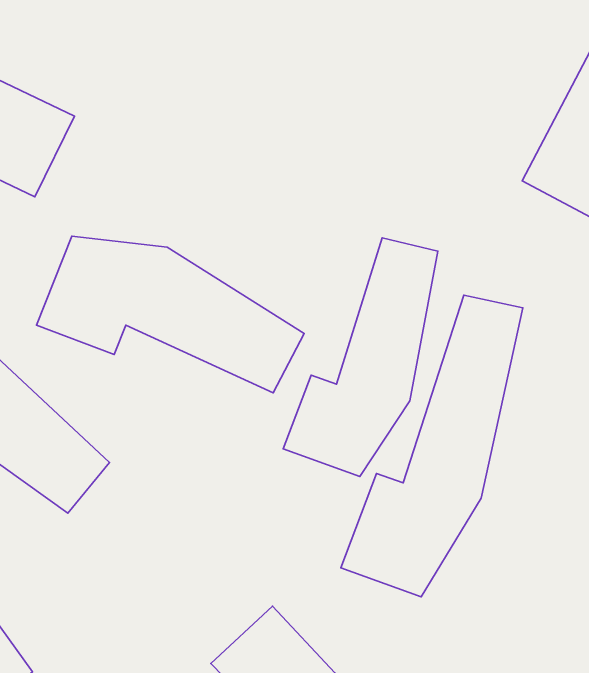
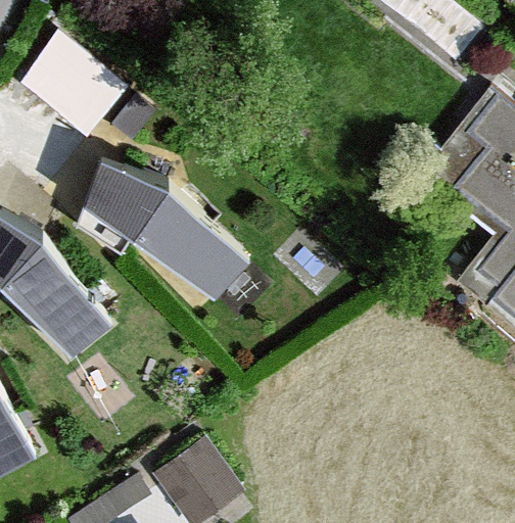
building: [283,238,438,477] -> none
building: [341,295,523,597] -> none

